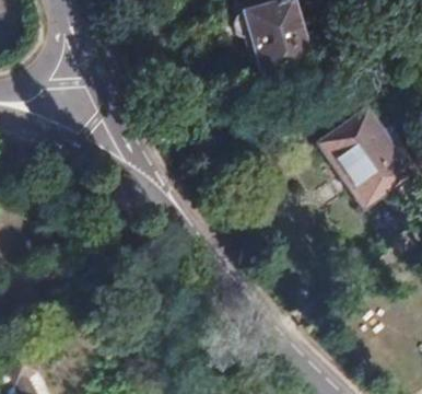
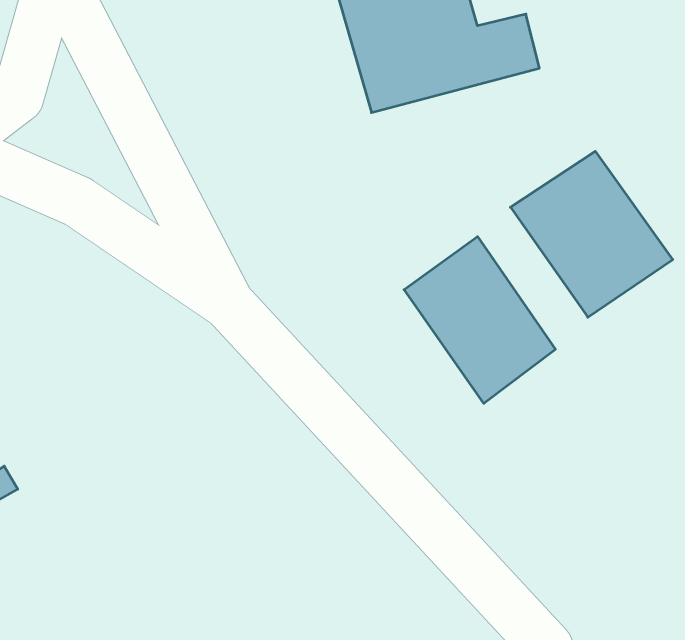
building: none -> [404,237,555,403]

